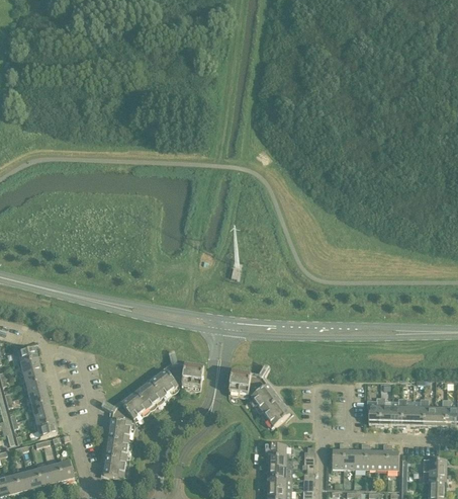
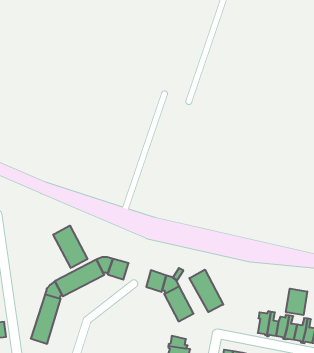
building: none -> [53,226,87,268]
building: none -> [189,270,223,312]
building: none -> [286,289,307,315]

